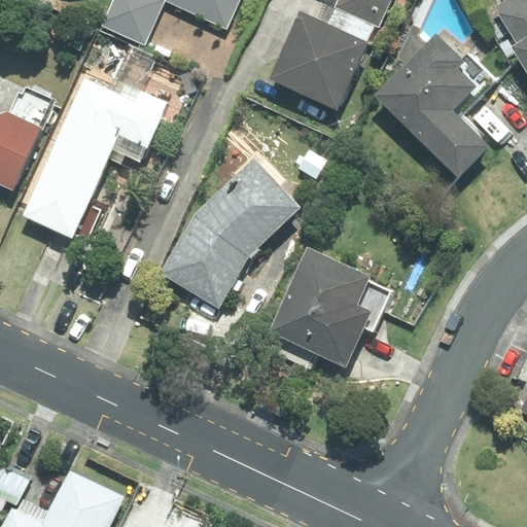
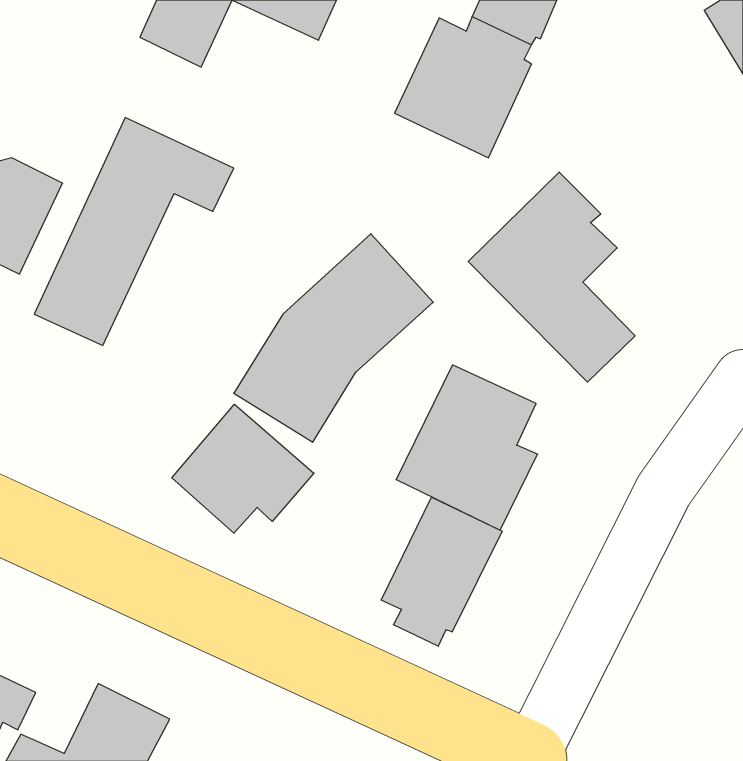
building: [375,32,490,177] -> [468,172,635,382]
building: none -> [172,404,314,533]
building: none -> [381,497,502,646]

